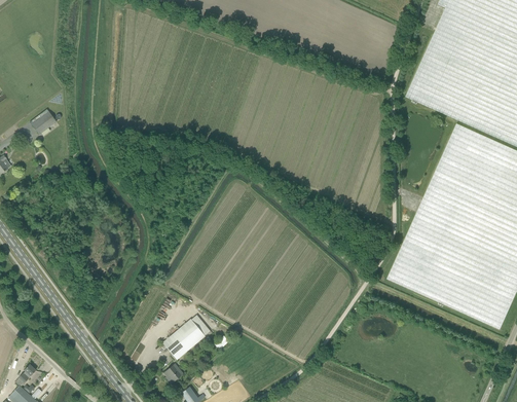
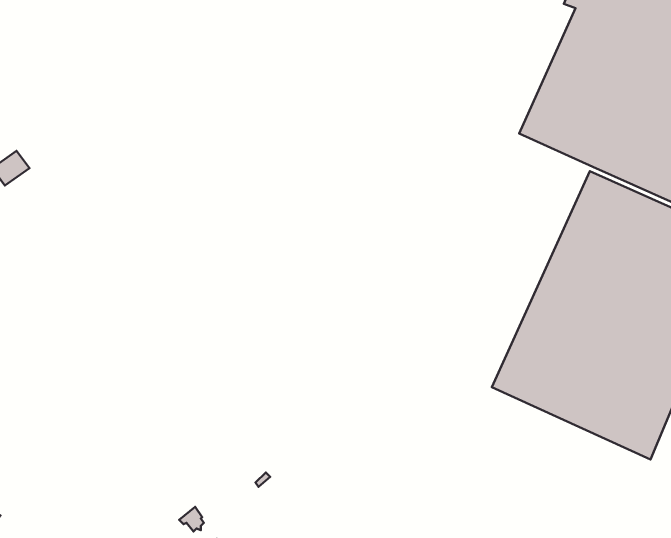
building: [163,318,206,360] -> none

